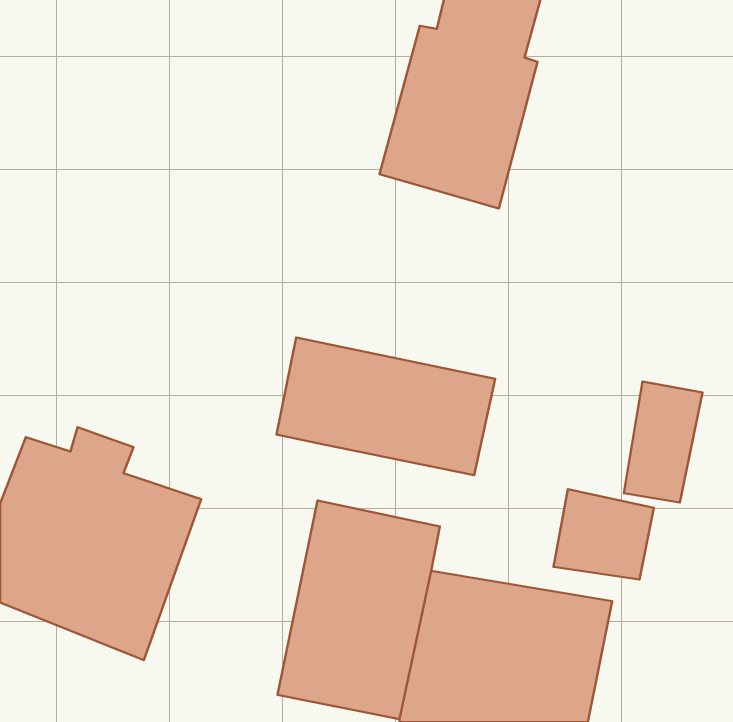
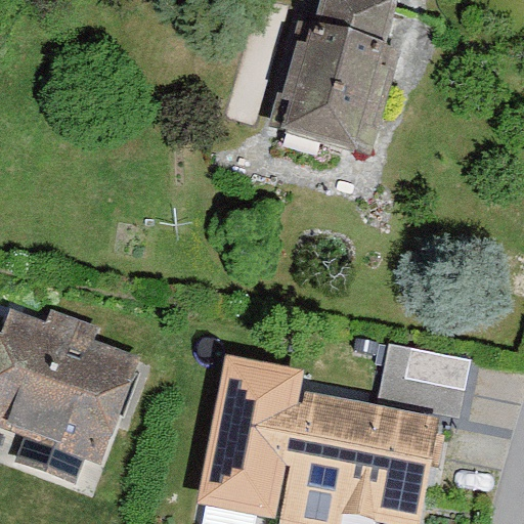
building: [277,337,495,475] -> none
building: [624,381,703,502] -> none

